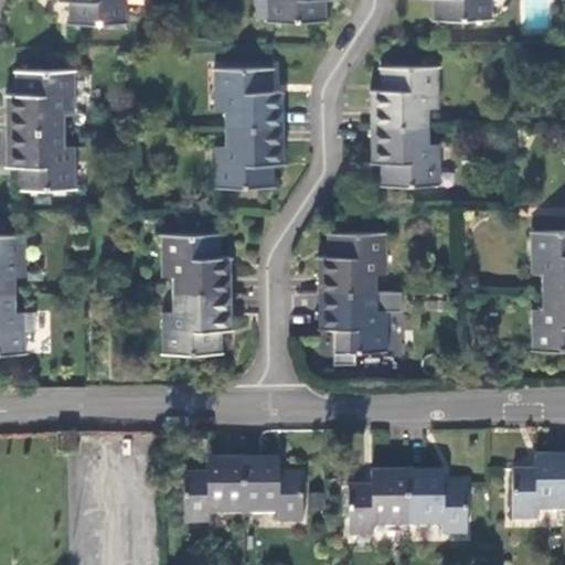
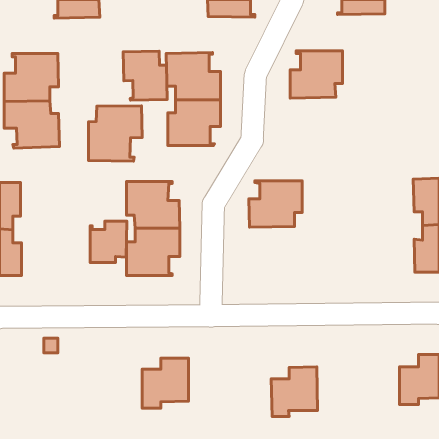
building: none -> [123,51,167,100]
building: [372,125,440,184] -> none
building: none -> [89,106,142,161]
building: none -> [90,221,127,263]
building: [320,290,387,351] -> none
building: [242,459,301,522] -> none
building: [406,470,466,534] -> none

